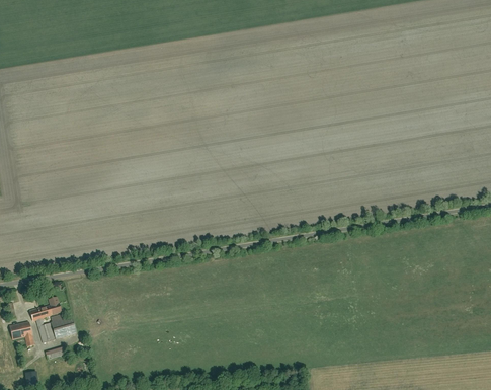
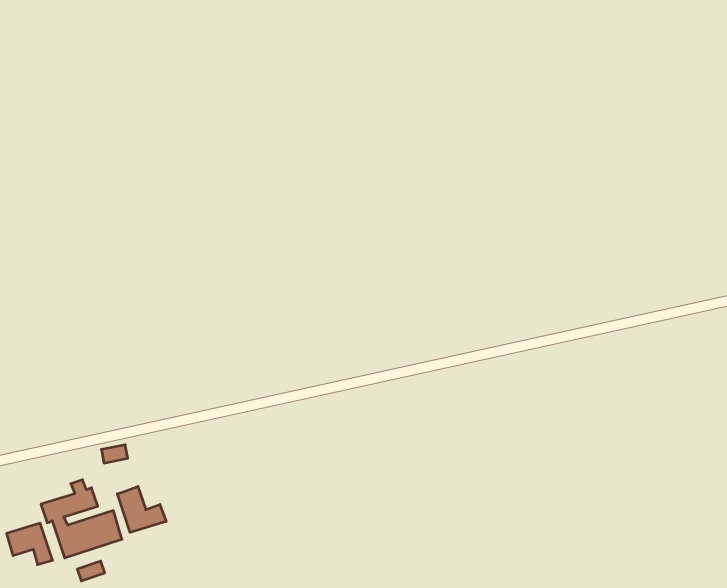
building: none -> [117,486,166,532]

